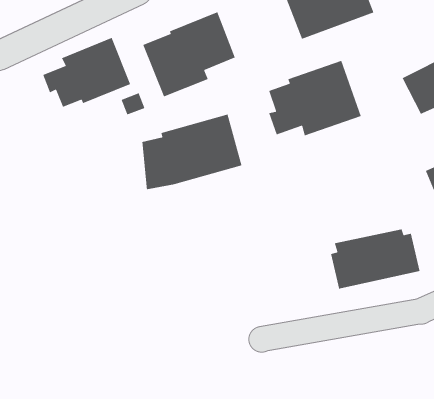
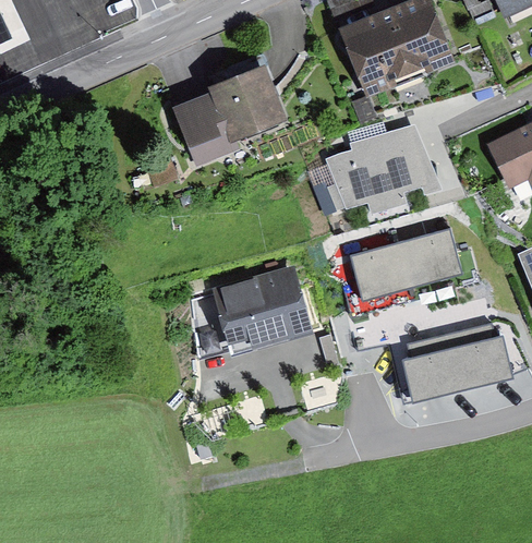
building: [42,37,131,108] -> none
building: [142,114,242,190] -> [191,268,313,361]
building: none -> [350,229,461,300]

